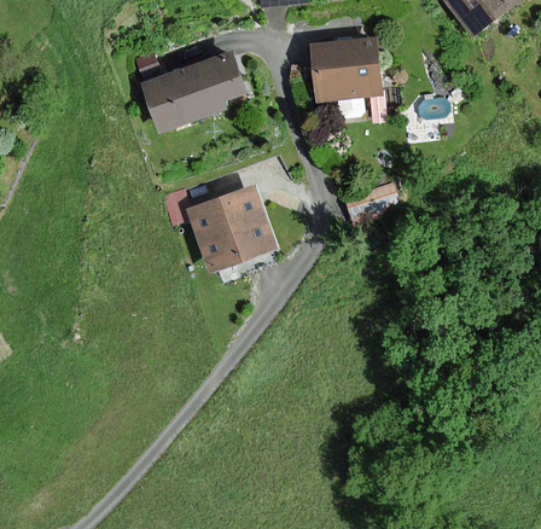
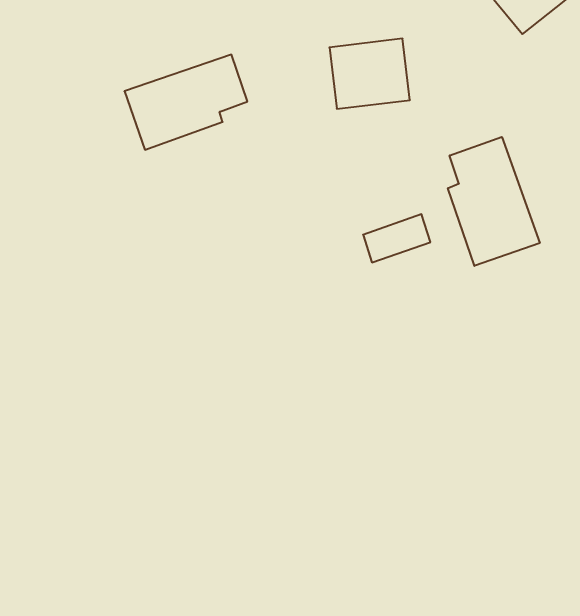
building: none -> [448,137,540,266]
building: [188,186,273,271] -> none

